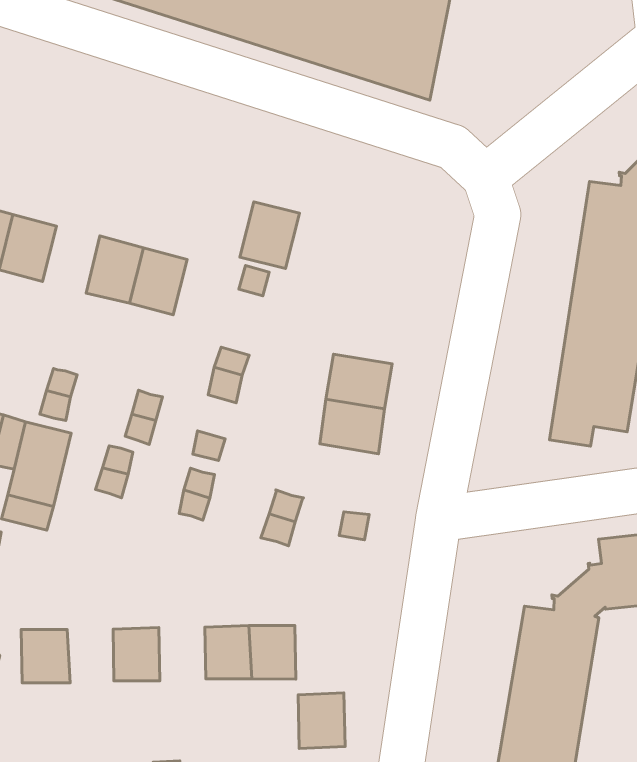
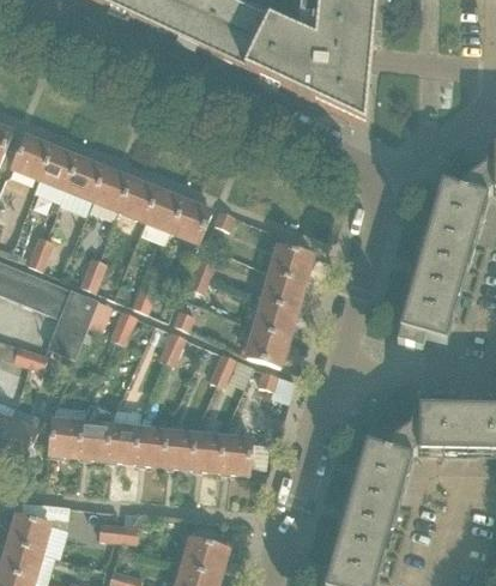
building: [240,202,299,269] -> [171,198,212,242]
building: none -> [92,167,132,211]
building: none -> [268,241,313,279]
building: none -> [244,324,289,362]
building: none -> [78,401,114,455]
building: none -> [134,425,167,461]
building: [298,693,345,748] -> [219,435,252,471]

